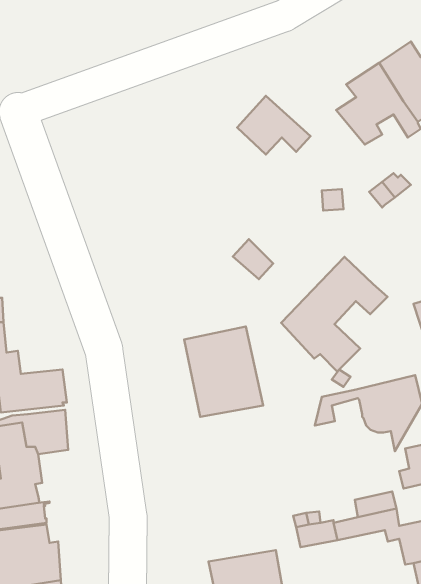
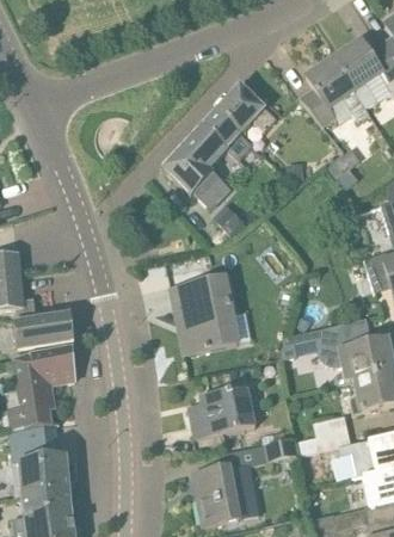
building: [281,257,387,371] -> [164,111,252,206]
building: none -> [189,387,256,437]

